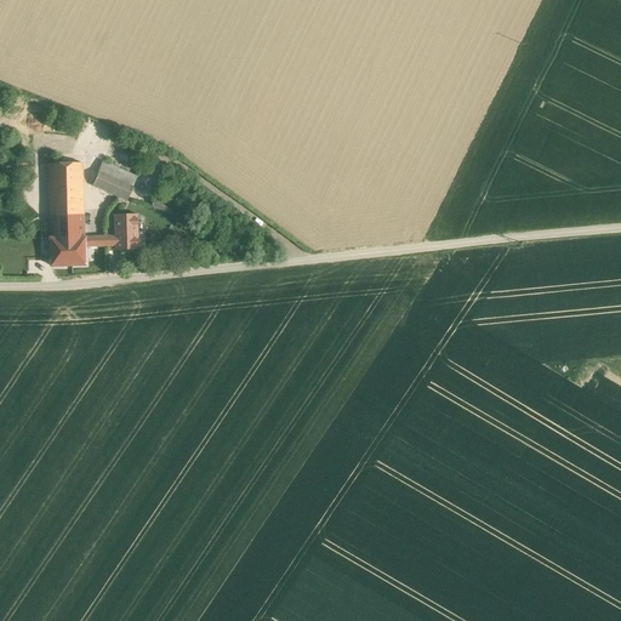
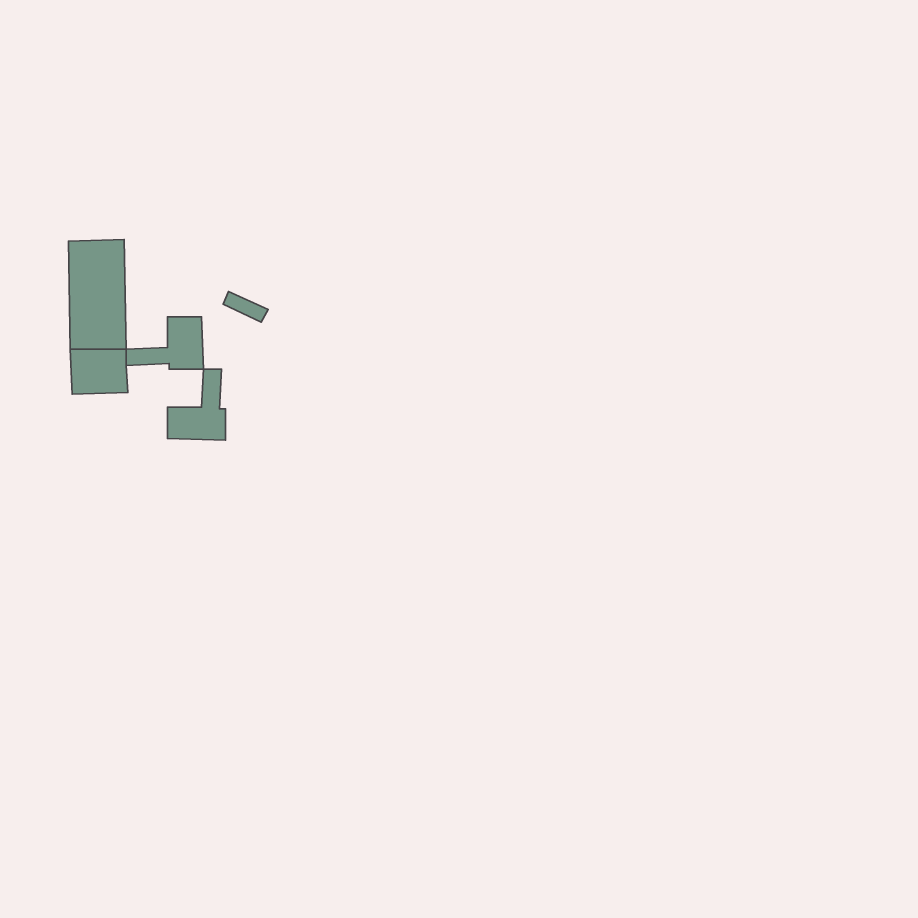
building: [91,160,137,200] -> none
building: none -> [167,369,225,440]

